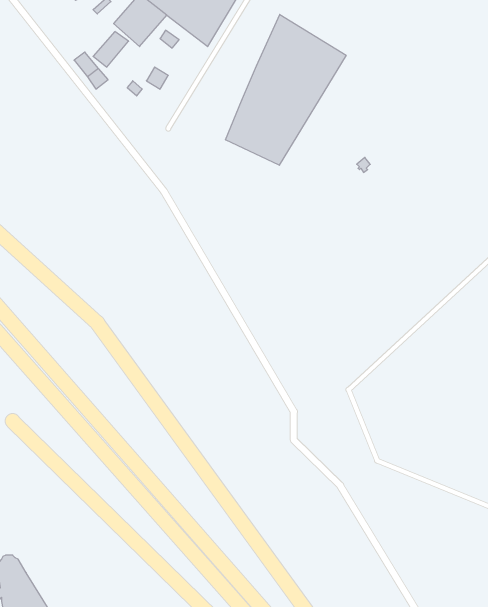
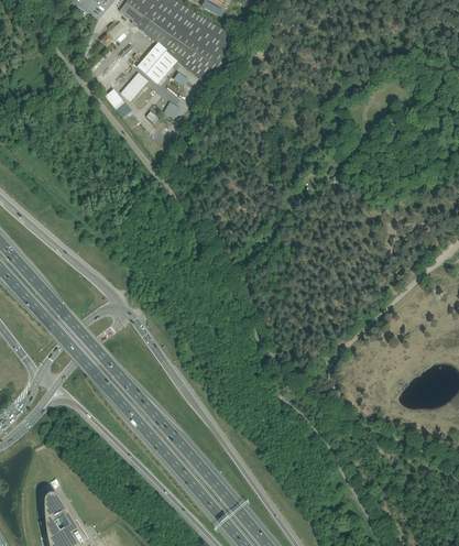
building: [226,14,346,165] -> none

